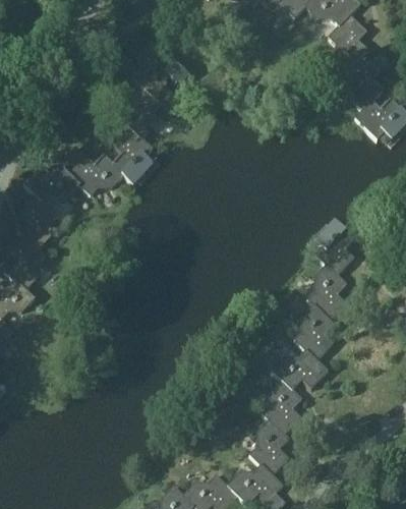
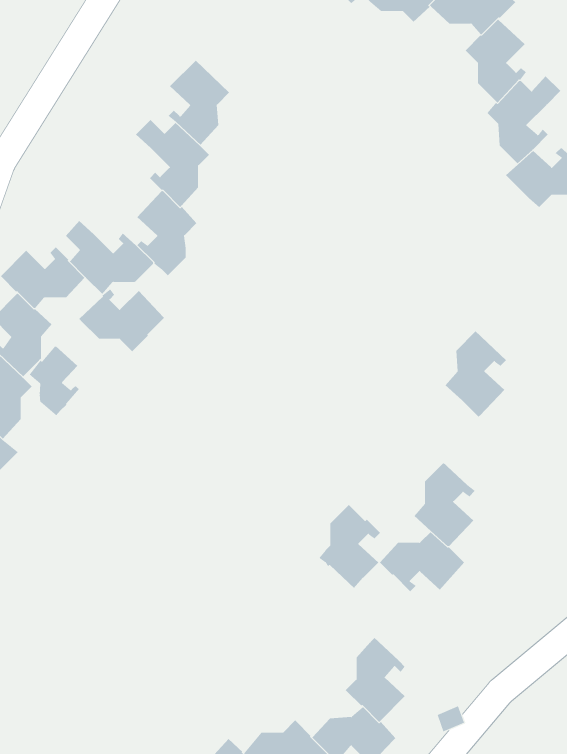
building: none -> [78,289,166,352]
building: none -> [29,346,80,416]
building: [307,265,348,320] -> none
building: [263,379,303,435] -> [319,503,381,589]

